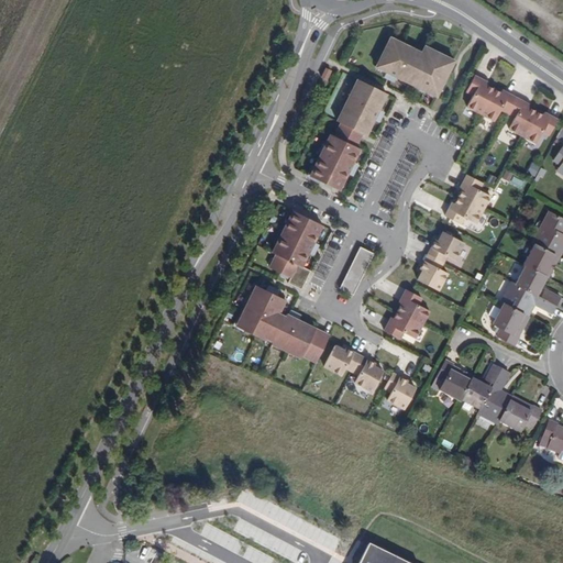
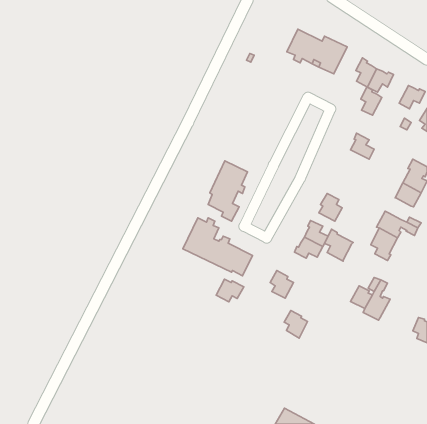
building: [312,80,388,191] -> none
building: [508,98,536,135] -> [361,87,382,115]
building: [446,197,484,224] -> none
building: [429,231,464,262] -> none
building: [340,243,372,290] -> none
building: [509,260,539,288] -> none
building: [327,345,363,375] -> [216,279,244,302]
building: [435,355,473,397] -> [325,229,353,261]
building: [386,373,417,409] -> [284,310,308,338]
building: [498,393,540,428] -> none

